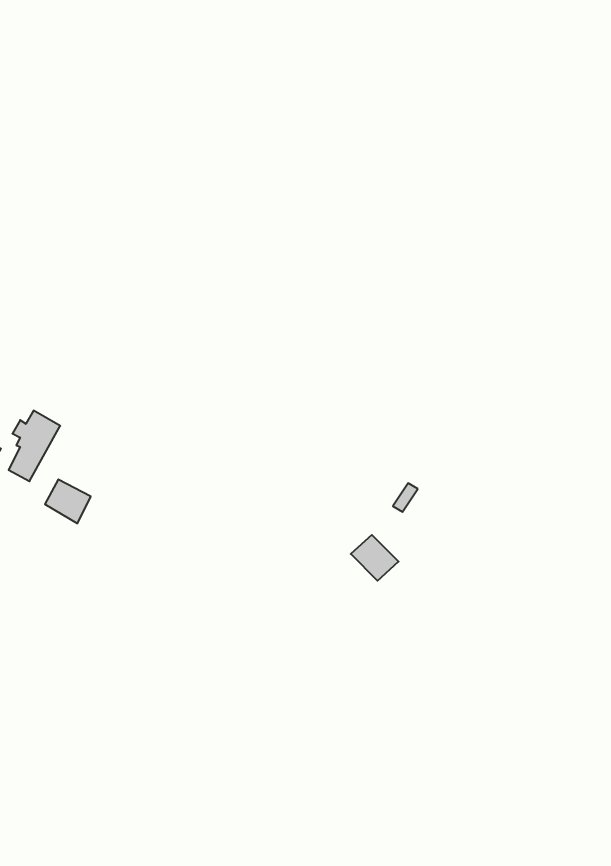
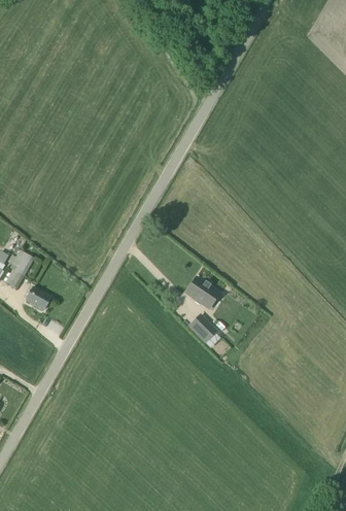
building: none -> [185,277,215,305]

